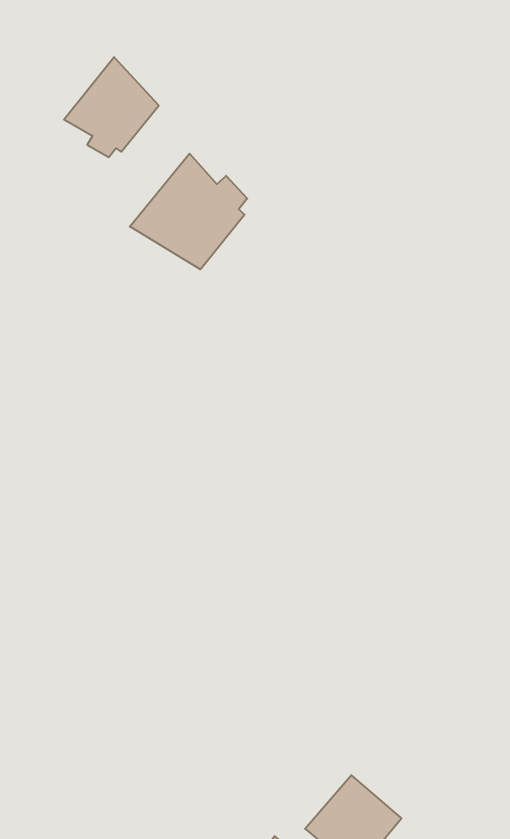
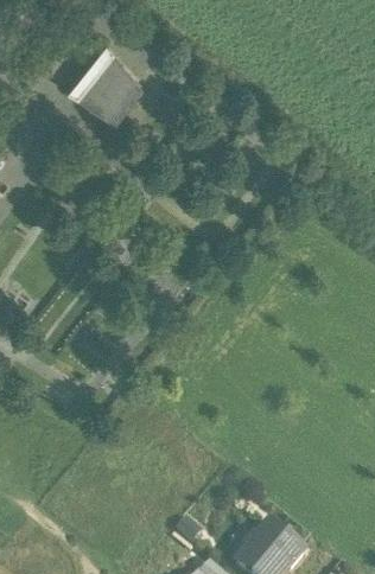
building: [130,154,247,269] -> none

